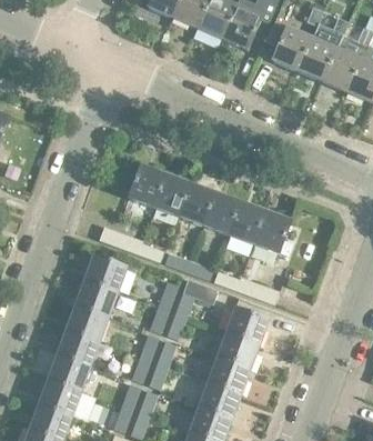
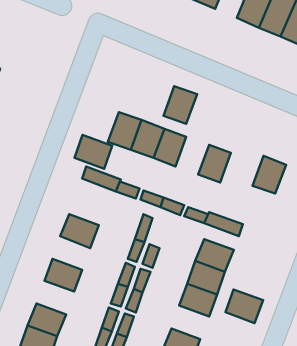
building: [203,192,241,234] -> [163,86,197,124]
building: [253,210,291,252] -> [252,156,286,194]
building: [84,253,127,291] -> [74,135,112,169]
building: [174,278,218,317] -> none
building: [65,303,108,341] -> none
building: [48,353,90,391] -> none
building: [199,381,241,419] -> [226,289,263,323]

